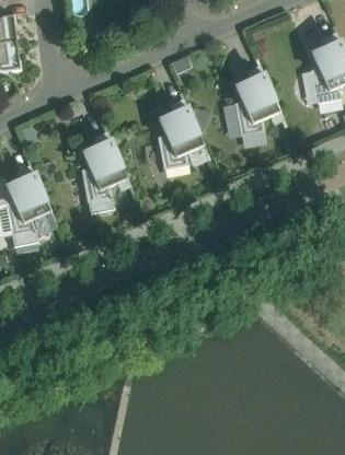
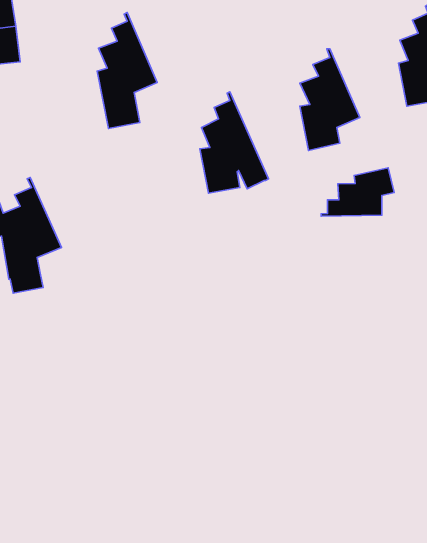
building: [81,125,127,213] -> [97,13,157,128]
building: none -> [321,168,394,216]

